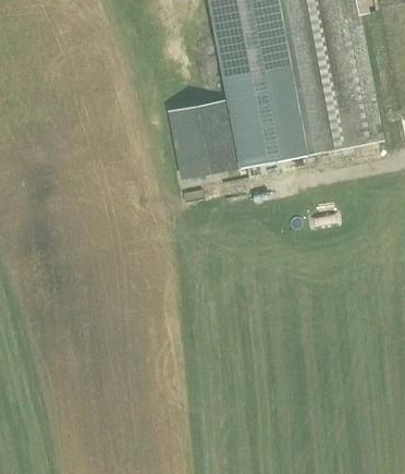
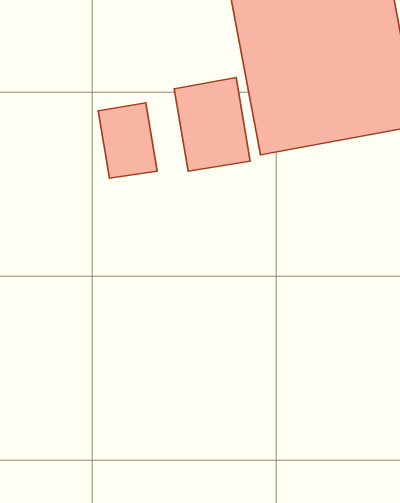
building: none -> [98,103,157,178]

